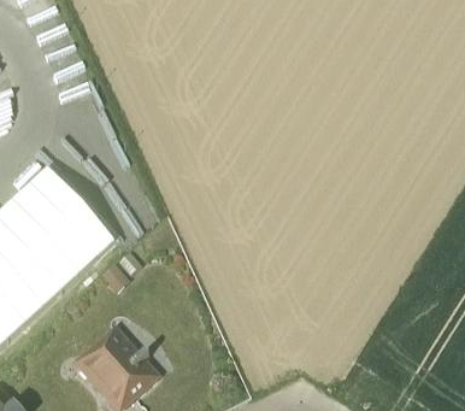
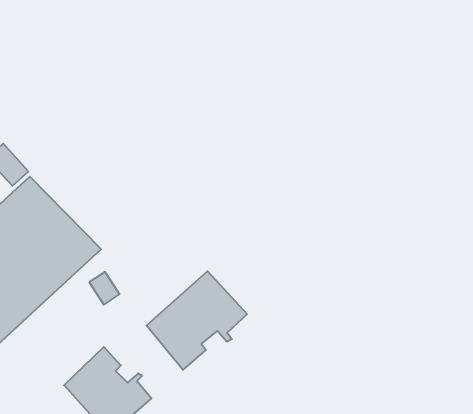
building: none -> [146,271,247,370]

